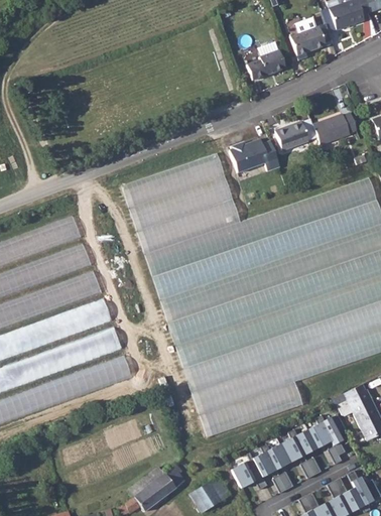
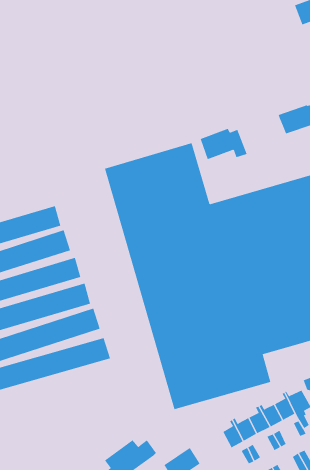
building: [289,25,326,59] -> none
building: [247,43,285,79] -> none
building: [275,120,316,149] -> none
building: [232,453,267,489] -> none

